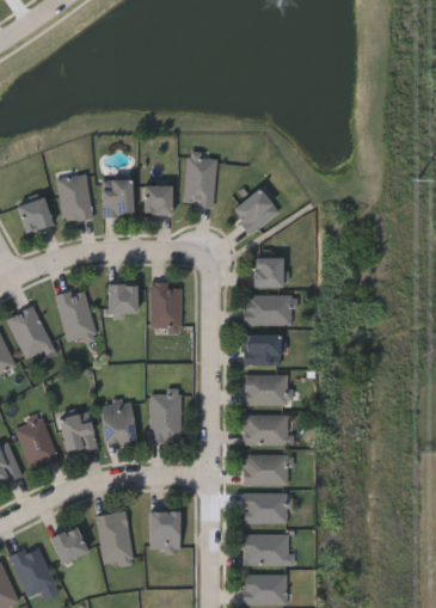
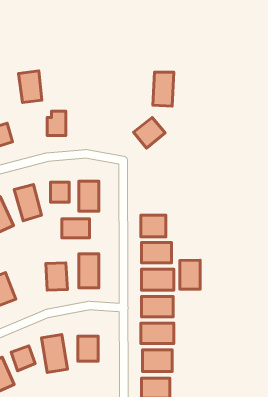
building: [185,155,216,205] -> [153,72,174,106]
building: [57,174,92,221] -> [19,71,42,102]
building: [143,185,171,214] -> none
building: [253,257,282,287] -> none
building: [245,294,294,324] -> none
building: none -> [62,219,89,238]
building: none -> [180,260,200,289]
building: [59,411,97,454] -> none

